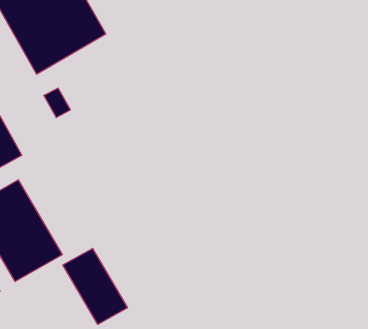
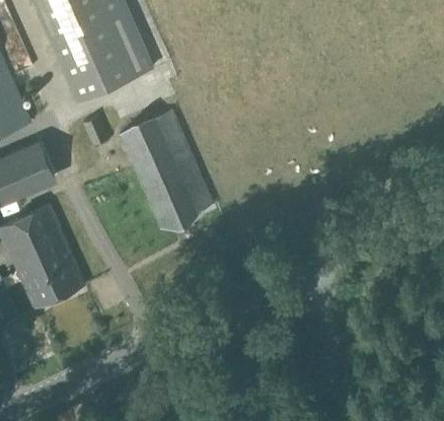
building: none -> [122,114,214,229]
building: [63,248,127,324] -> none

